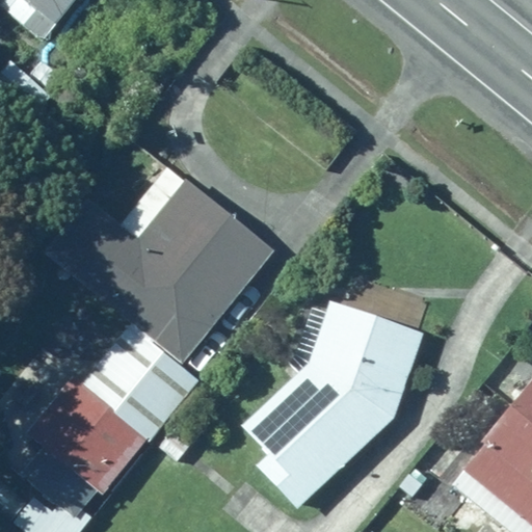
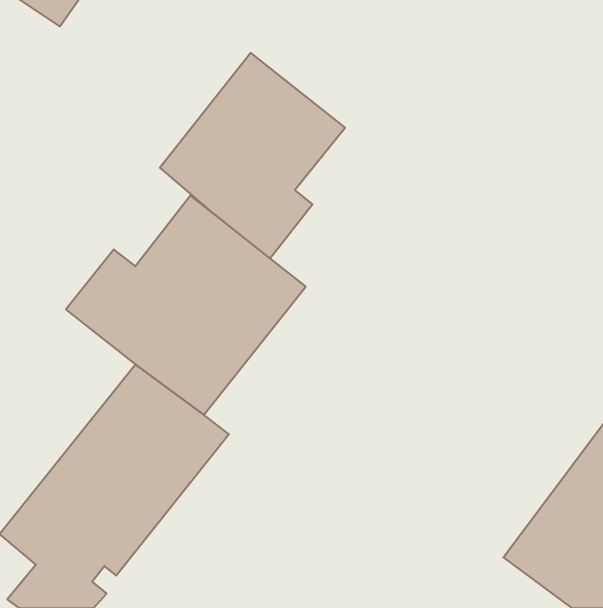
building: none -> [160,53,345,258]
building: [240,297,423,507] -> none

